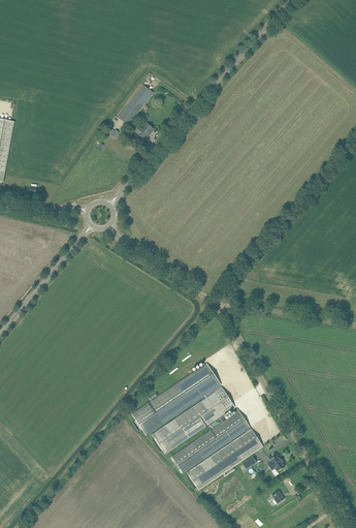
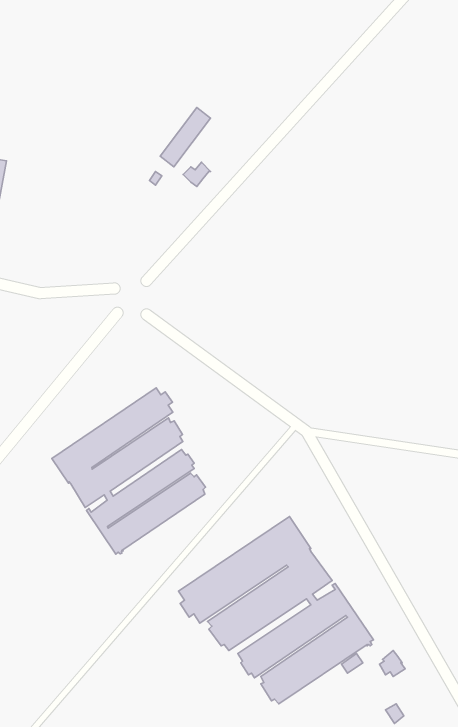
building: none -> [52,388,206,554]

